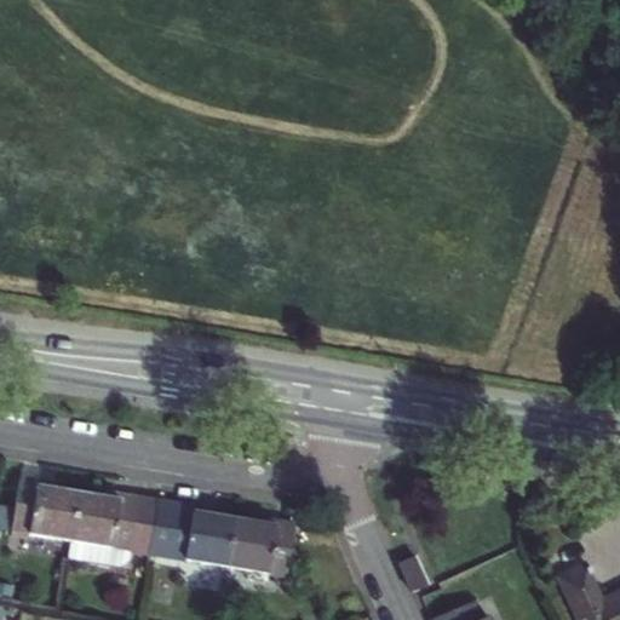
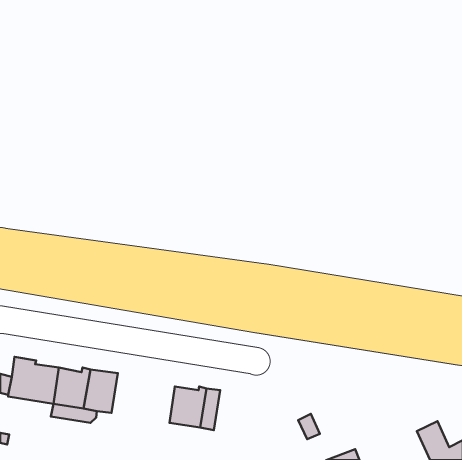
building: [150,499,235,566] -> none

